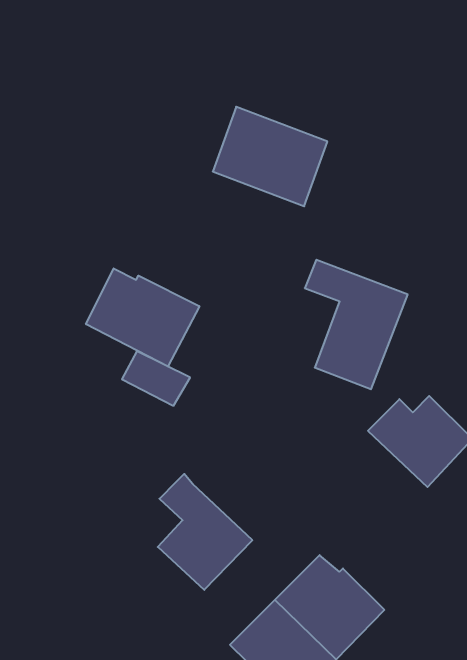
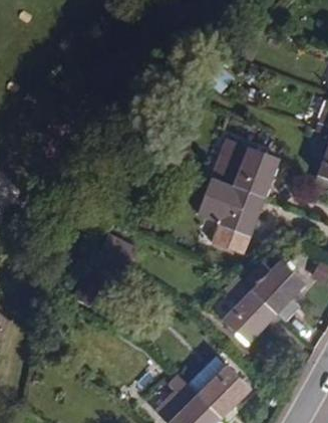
building: [213,107,327,206] -> [212,138,281,198]
building: [86,268,199,367] -> none
building: [158,474,252,590] -> [222,274,279,345]

